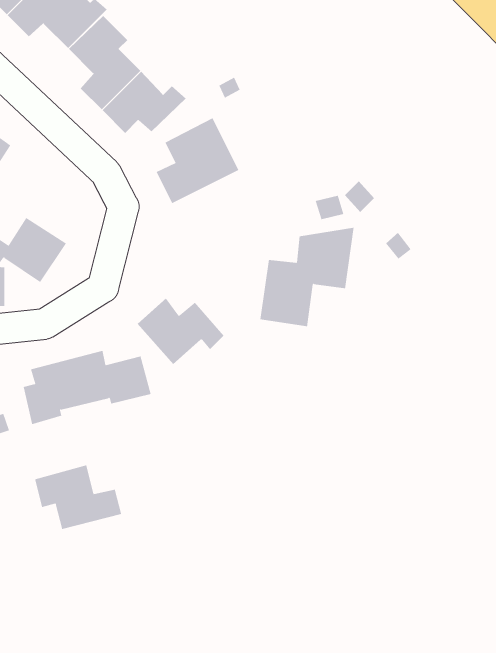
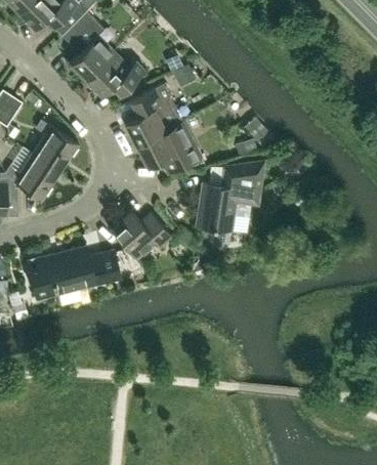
building: none -> [33,121,79,172]
building: none -> [135,121,204,174]
building: [35,464,122,530] -> none

